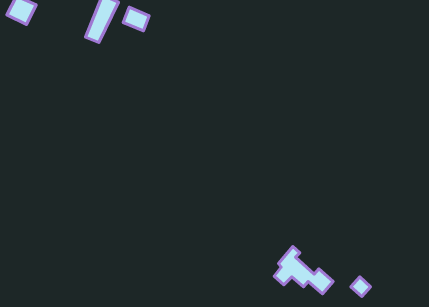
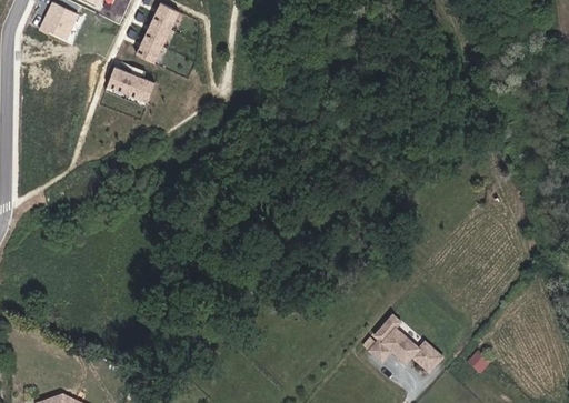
building: [123,7,149,31] -> none
building: none -> [106,66,152,102]

